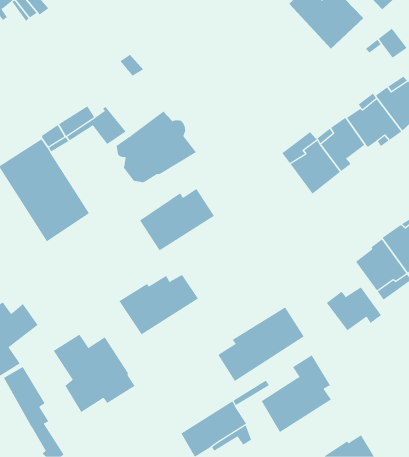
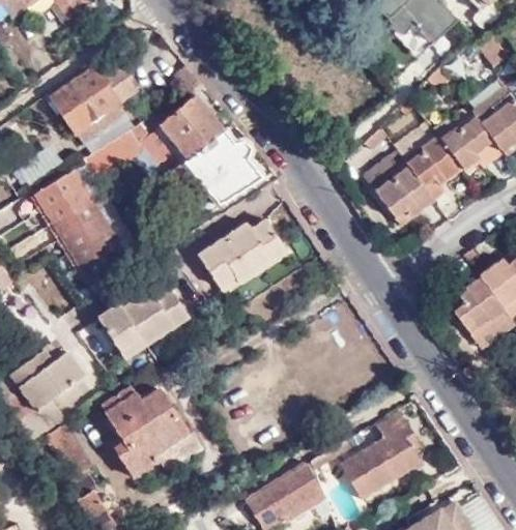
building: none -> [50,67,139,142]
building: none -> [159,91,229,158]
building: [119,274,199,335] -> [92,287,184,357]
building: [326,286,382,331] -> none
building: [217,307,304,382] -> none

